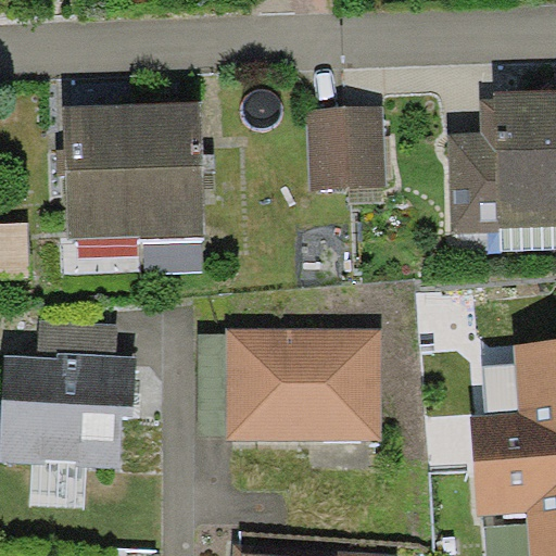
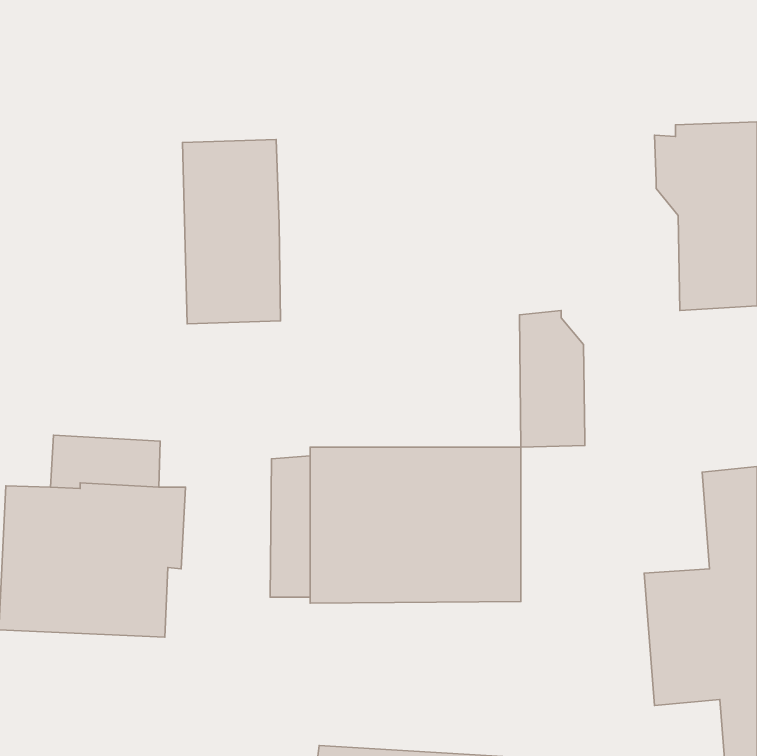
building: [64,106,137,240] -> none
building: [308,111,384,191] -> none
building: [450,135,497,235] -> [520,310,585,447]

